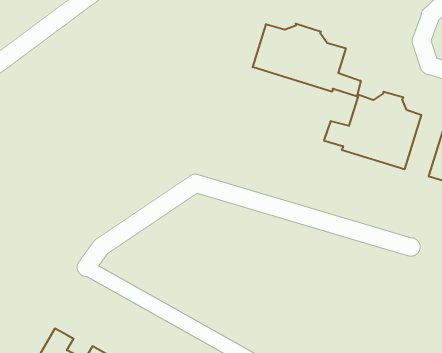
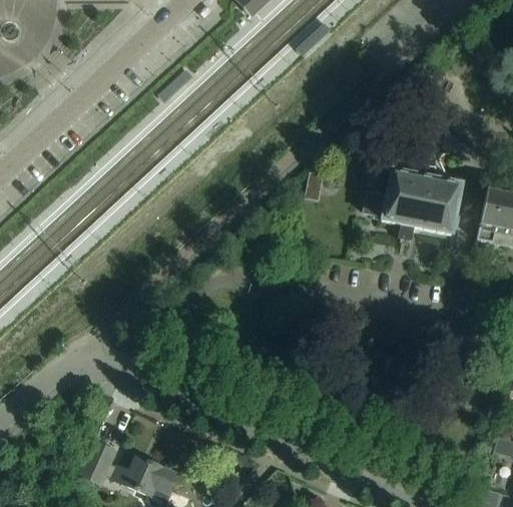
building: [253,24,361,96] -> none

